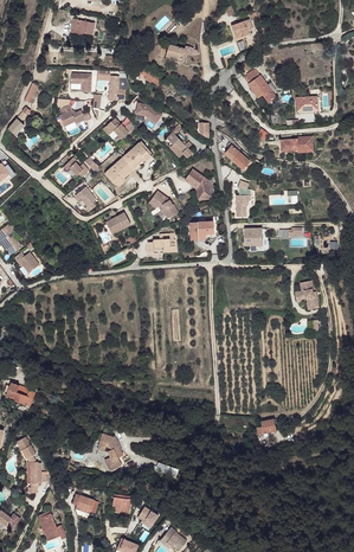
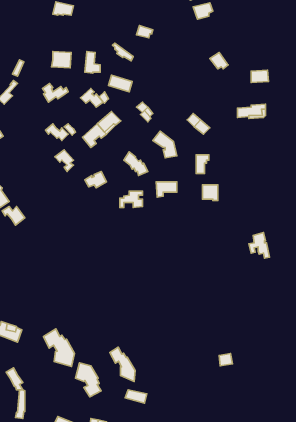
building: none -> [44,329,75,366]
building: none -> [110,347,135,382]

